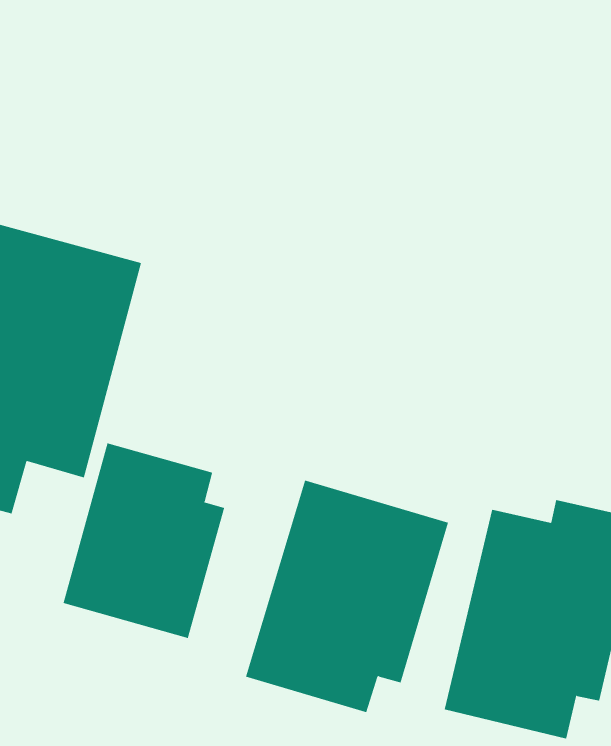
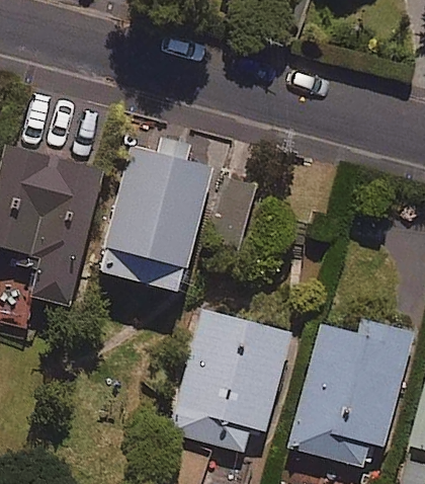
building: none -> [99,136,212,291]
building: [63,443,225,639] -> none

